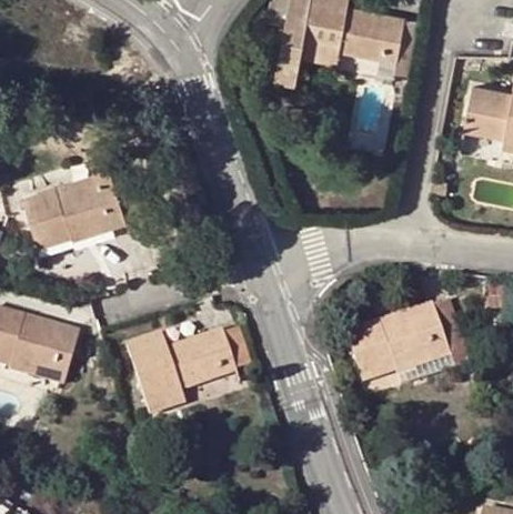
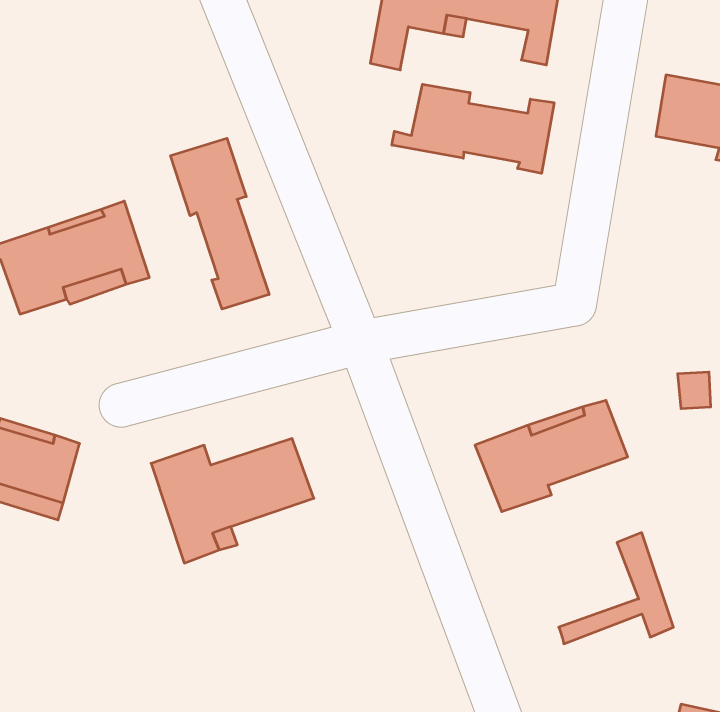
building: none -> [392,84,554,173]
building: none -> [171,138,269,309]
building: [394,298,471,372] -> [559,533,673,644]

